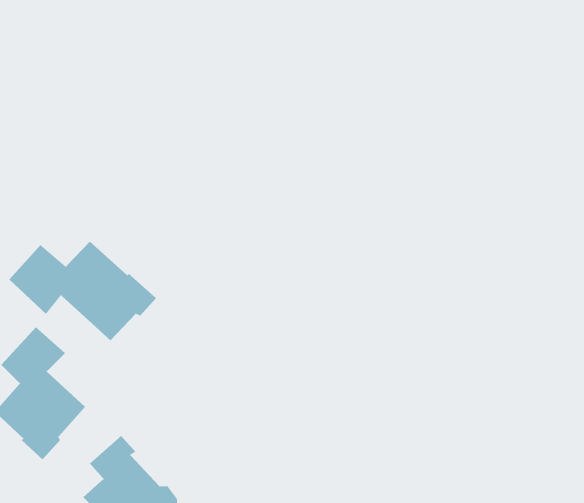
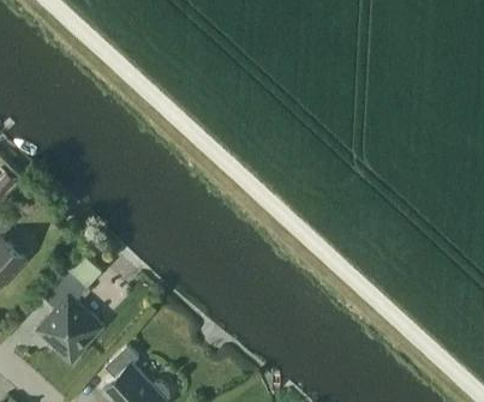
building: [8,241,157,341] -> none

